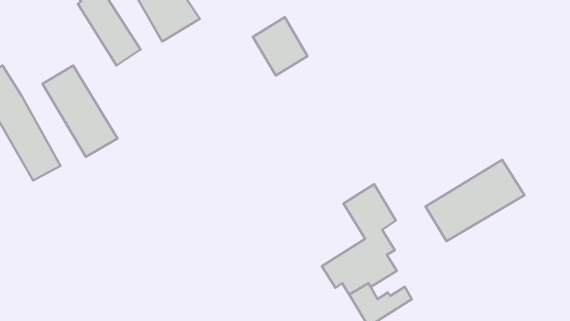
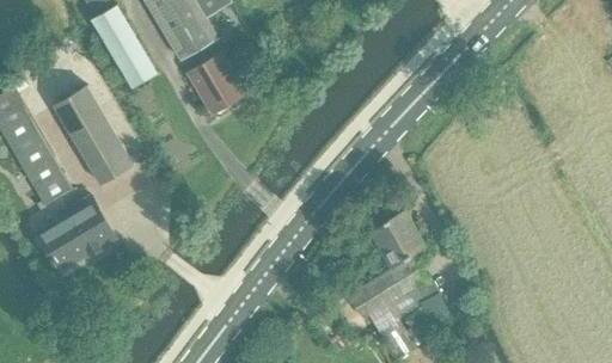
building: [253,17,308,75] -> [186,53,244,113]
building: [425,160,524,241] -> none
building: none -> [36,197,116,270]

